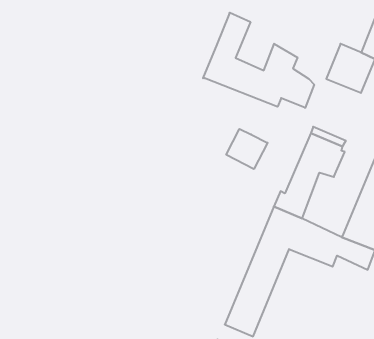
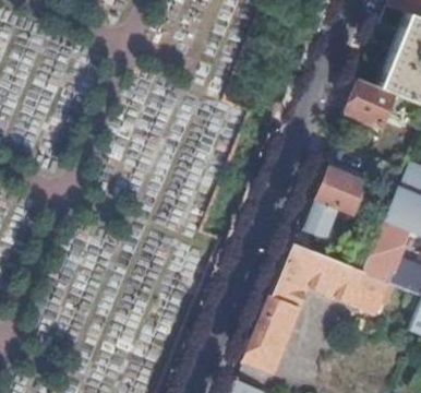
building: [203,13,314,108] -> none
building: [226,129,268,169] -> none

